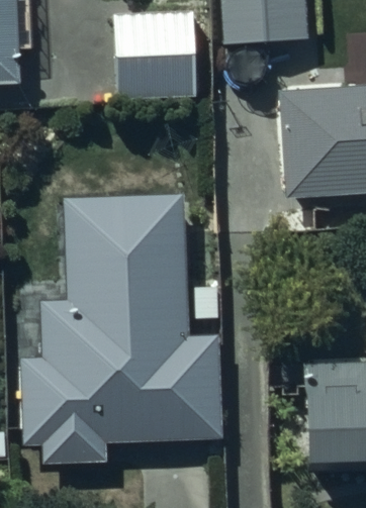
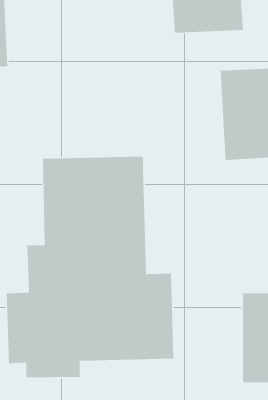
building: [116,11,195,98] -> none

